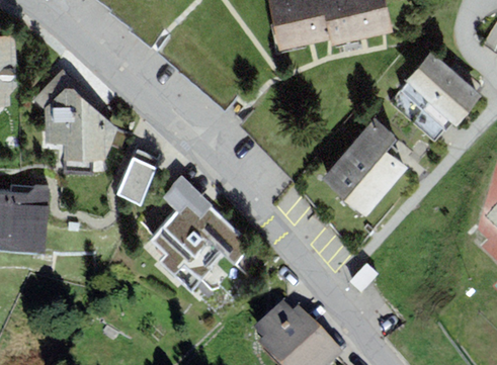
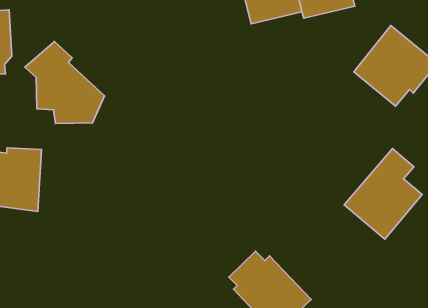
building: [321,118,406,217] -> [344,148,422,239]
building: [116,158,156,205] -> none
building: [149,177,253,291] -> none

